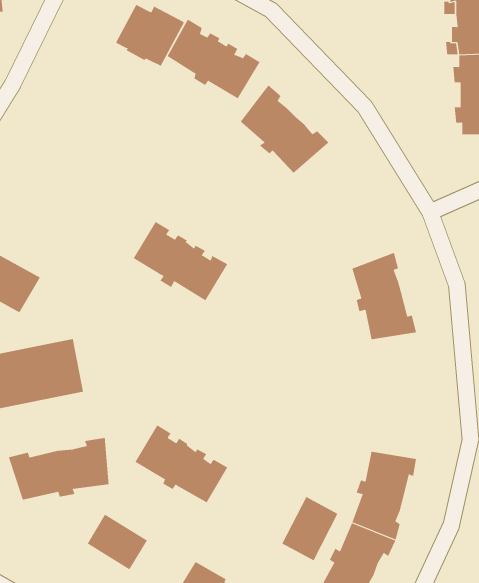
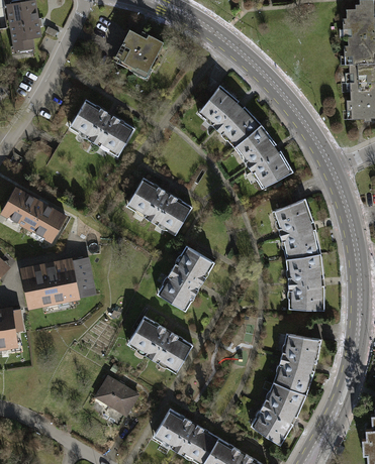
building: [167,19,260,99] -> [71,99,134,153]
building: none -> [237,124,293,187]
building: none -> [160,247,214,311]
building: none -> [288,253,323,310]
building: [8,437,109,500] -> none
building: [282,496,338,561] -> none

